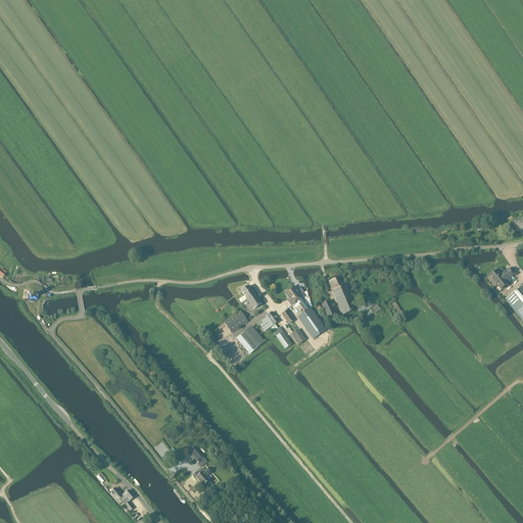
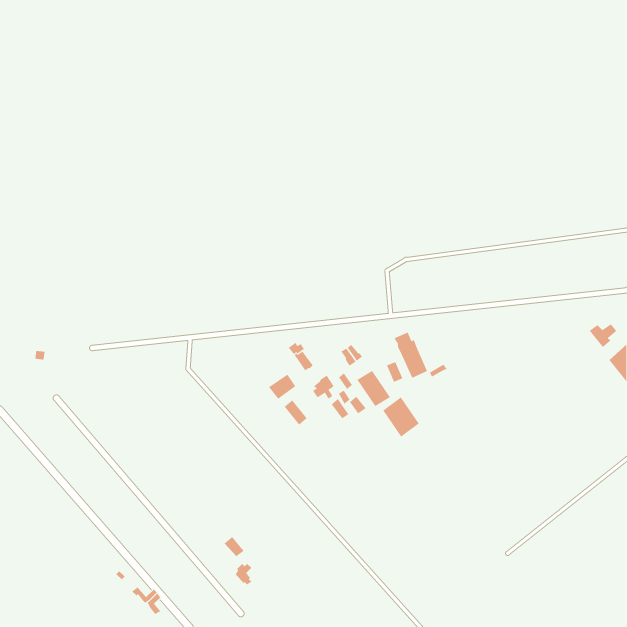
building: none -> [382,396,419,437]

